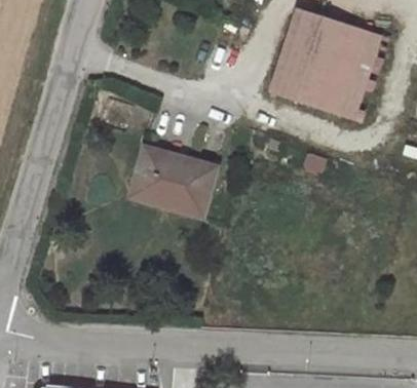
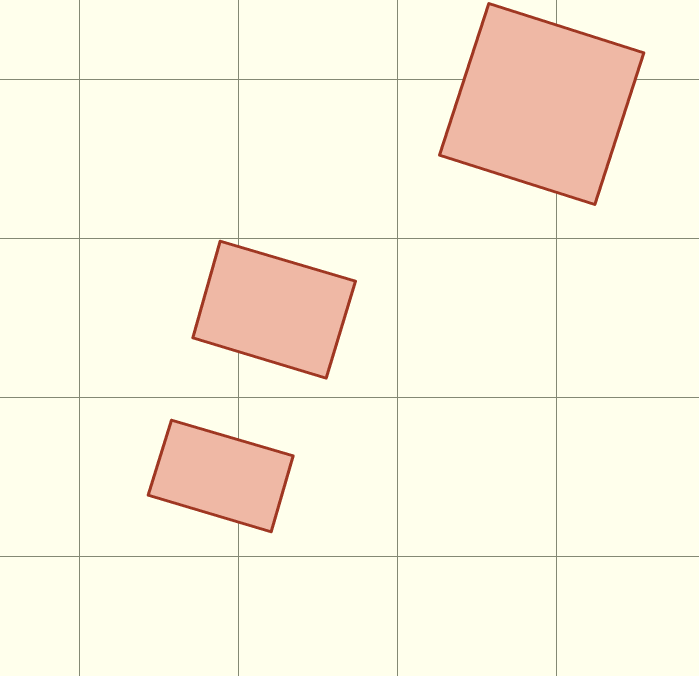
building: none -> [148,420,293,532]

